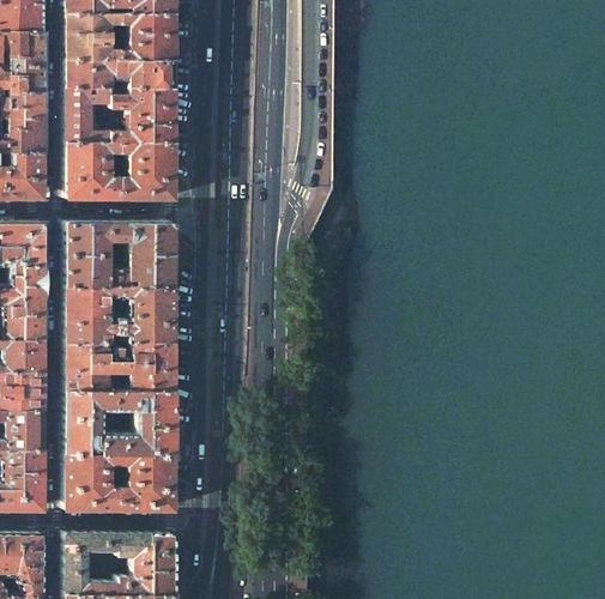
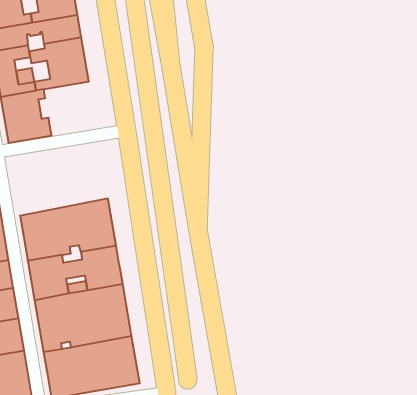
building: [120,144,175,201] -> none
building: [66,224,175,289] -> none

